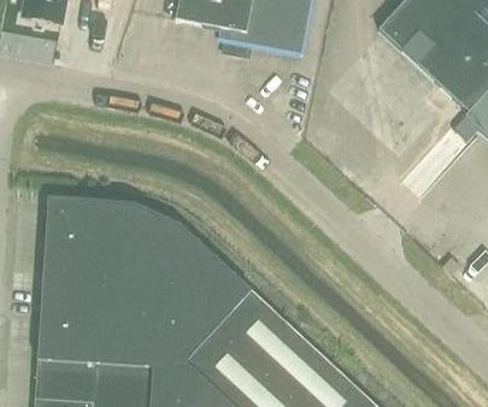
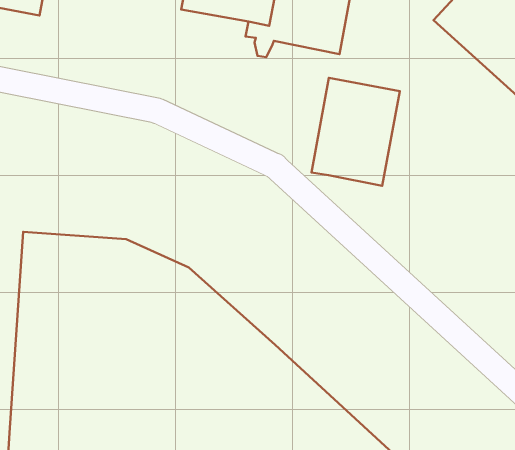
building: none -> [311,78,400,186]

